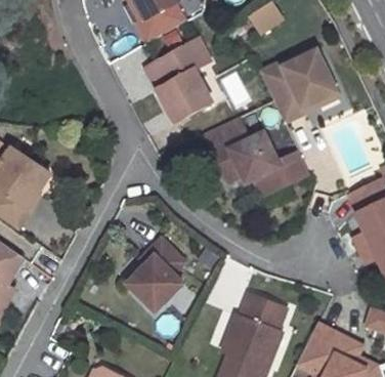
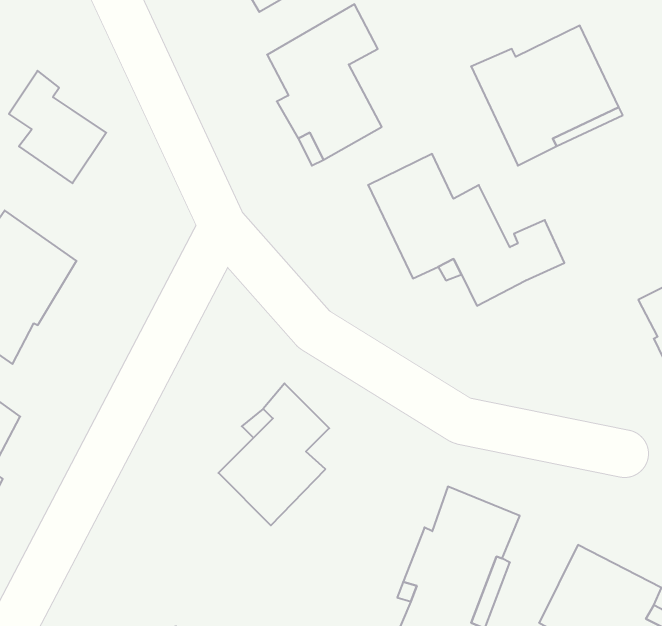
building: none -> [9,71,106,183]

